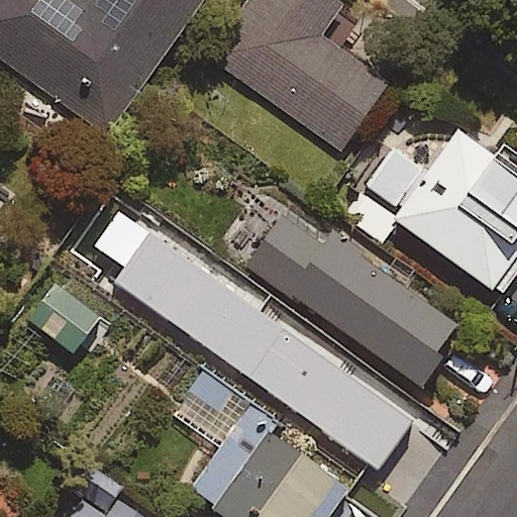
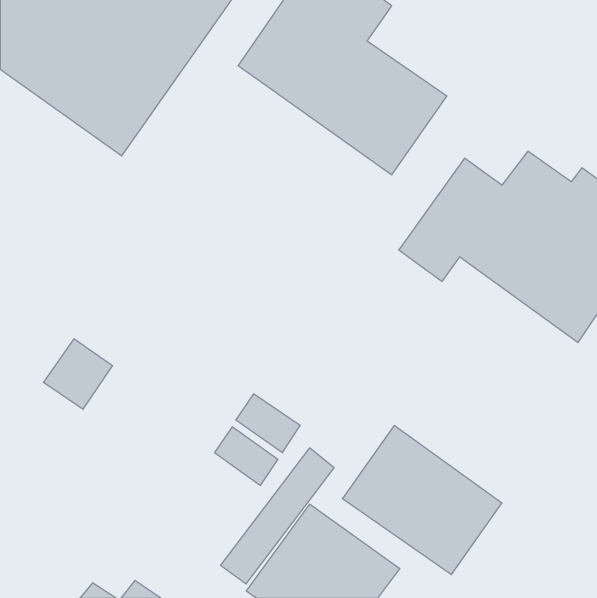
building: [247,215,460,386] -> none

